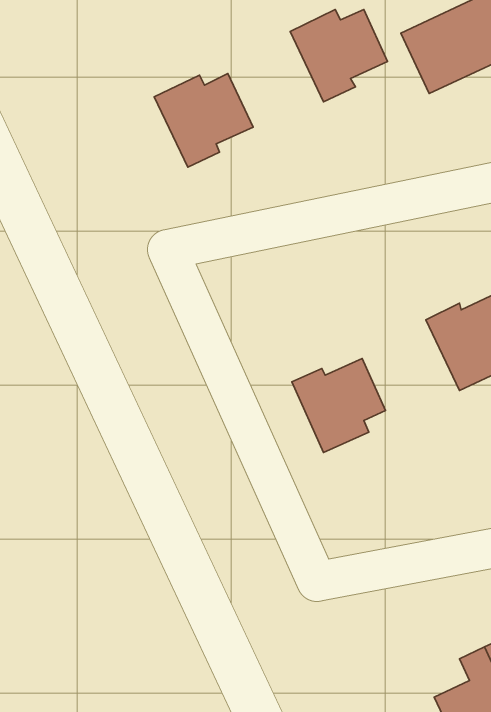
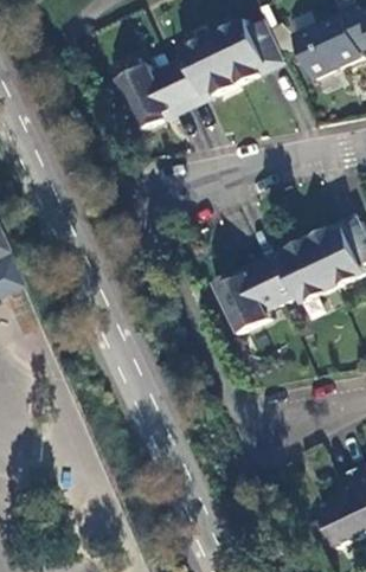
building: none -> [174,32,242,99]
building: none -> [269,236,338,300]

